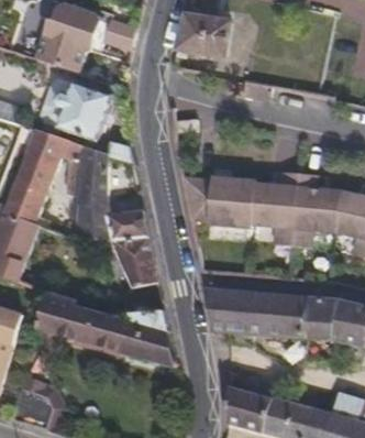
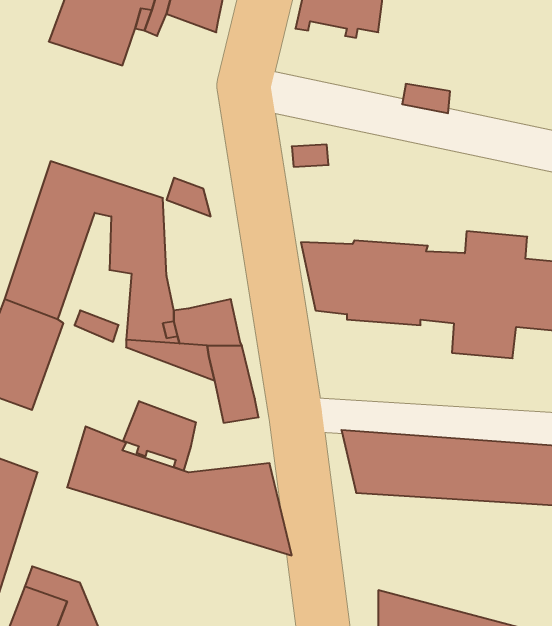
building: [56,84,110,142] -> none
building: none -> [123,401,196,471]

